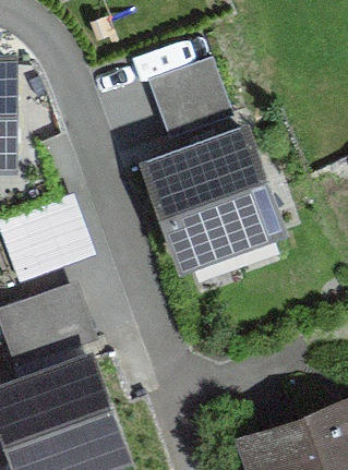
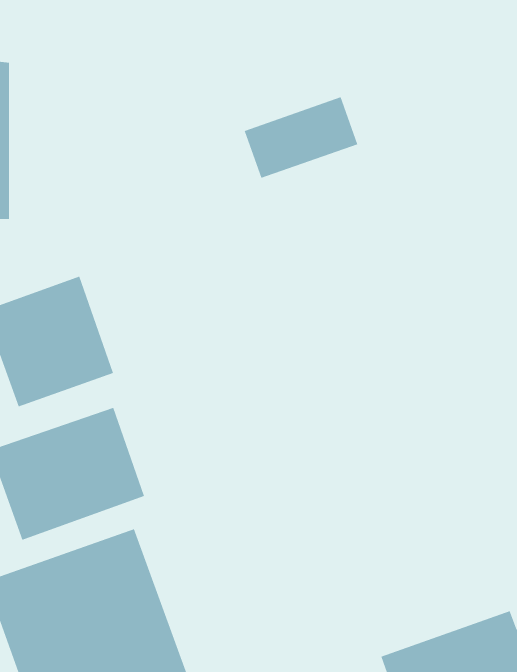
building: [148,135,278,265] -> none

